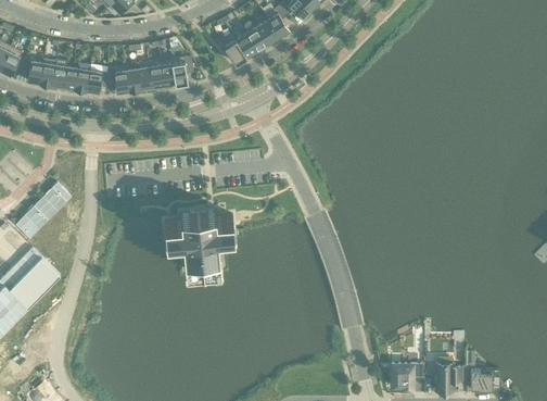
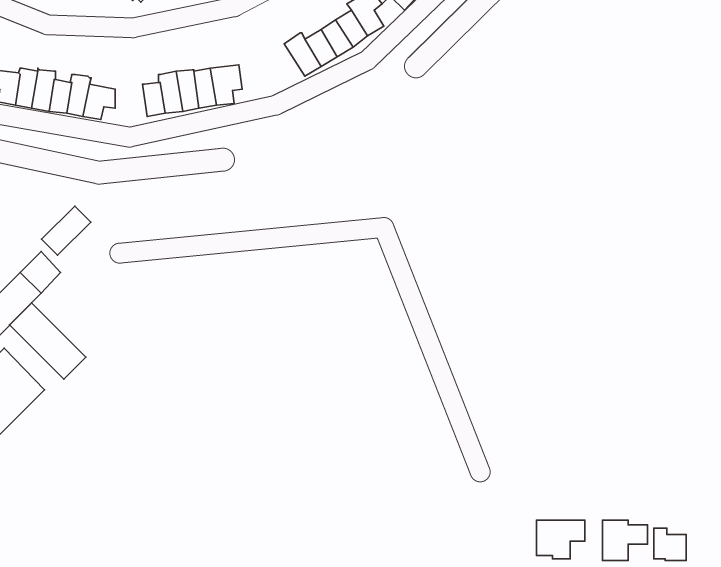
building: [107,67,129,95] -> none
building: none -> [42,206,91,255]
building: [164,212,234,272] -> none
building: none -> [10,303,86,379]

